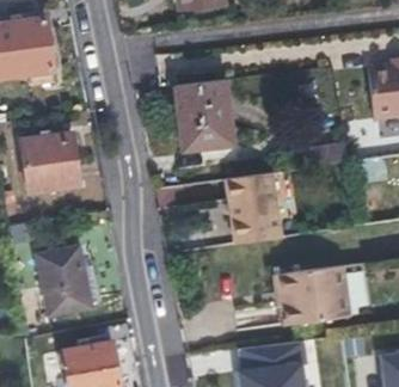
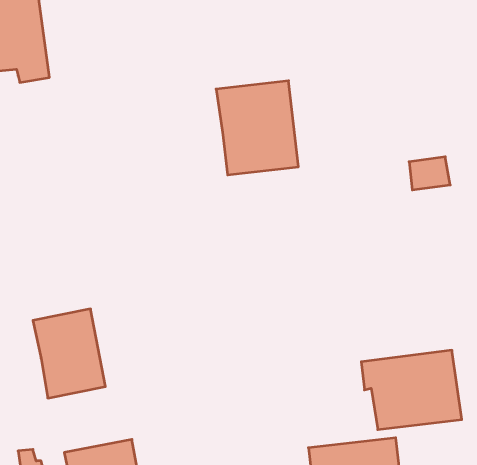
building: [20,133,79,189] -> none
building: [225,173,282,253] -> none

